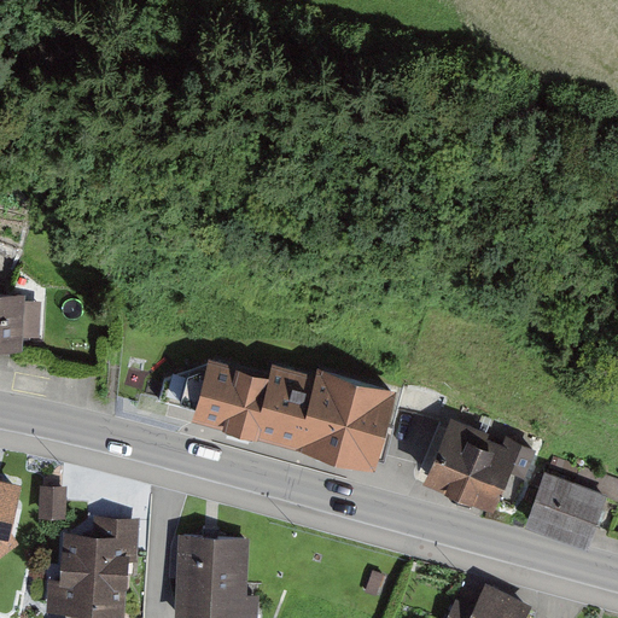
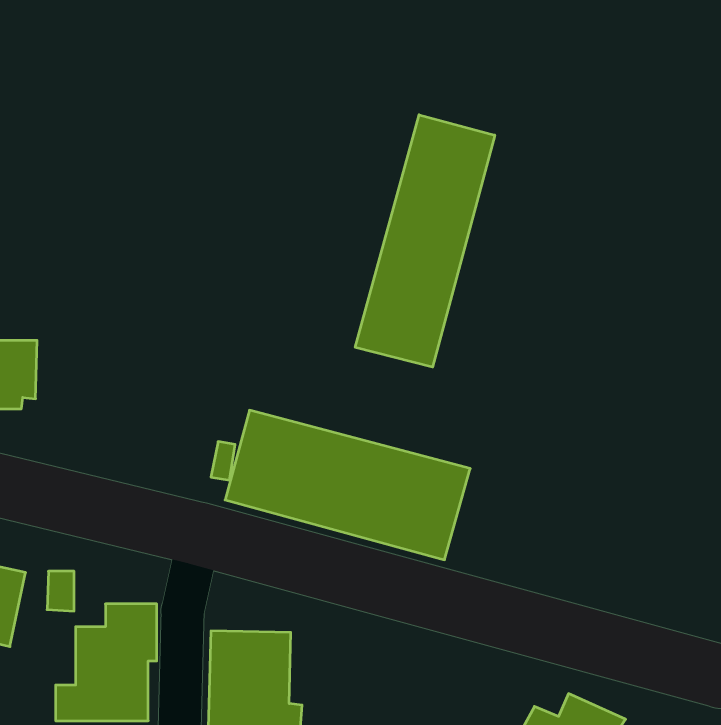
building: none -> [355,115,495,367]
building: [426,415,529,511] -> none
building: [524,474,602,544] -> none

